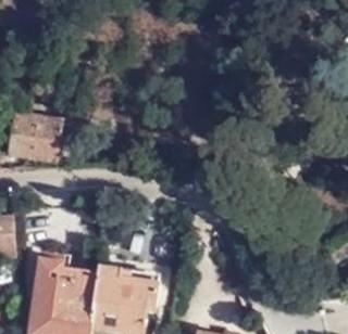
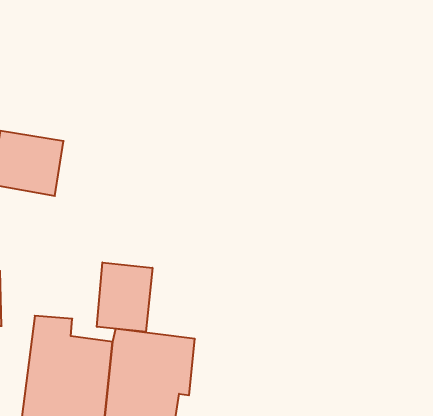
building: none -> [97,262,152,332]

